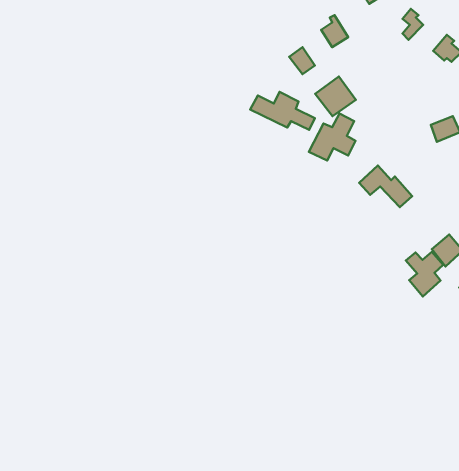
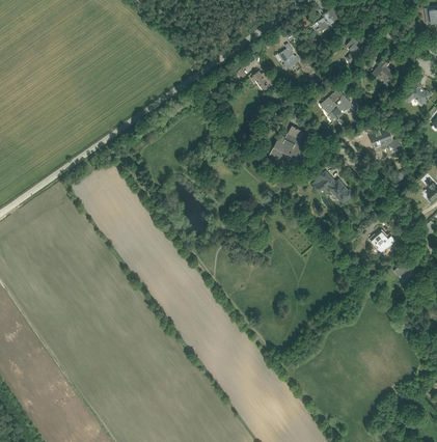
building: [315,77,356,116] -> [319,88,353,121]
building: [250,92,315,130] -> none
building: [406,252,443,297] -> none

